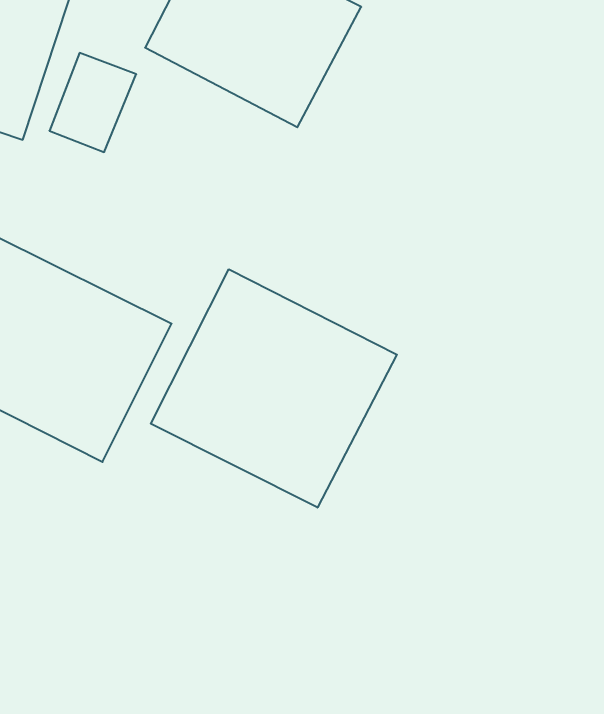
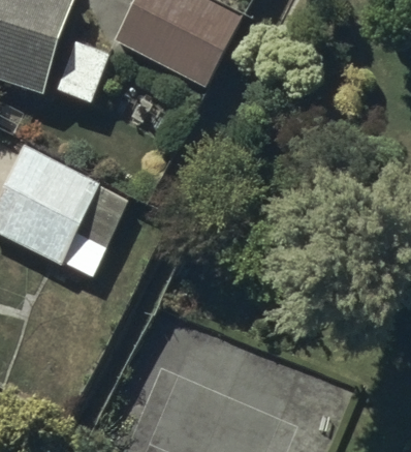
building: [151,269,397,508] -> none

